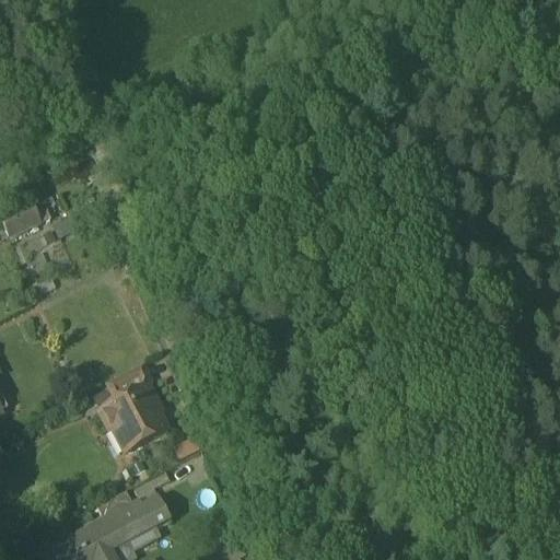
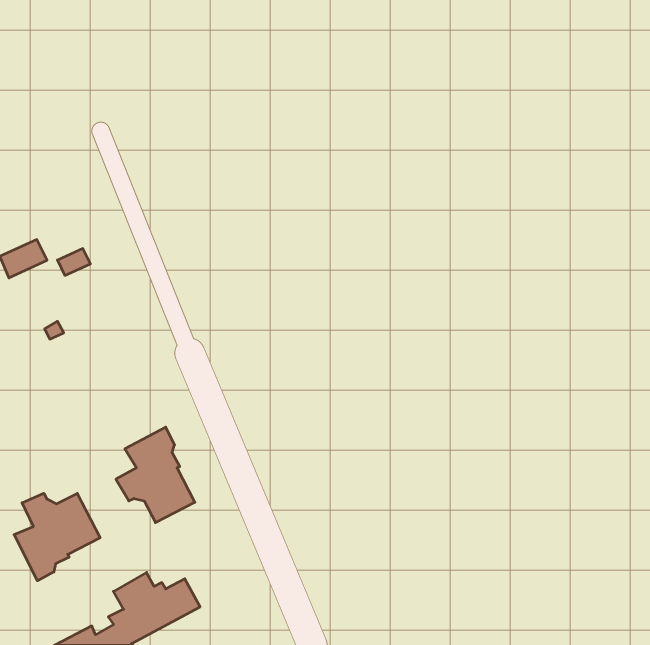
building: none -> [14,493,100,581]

